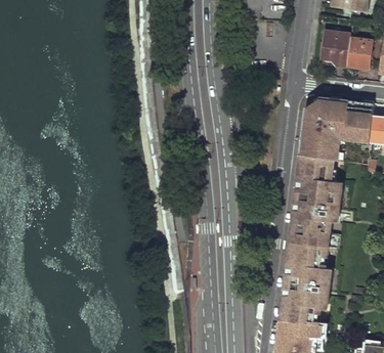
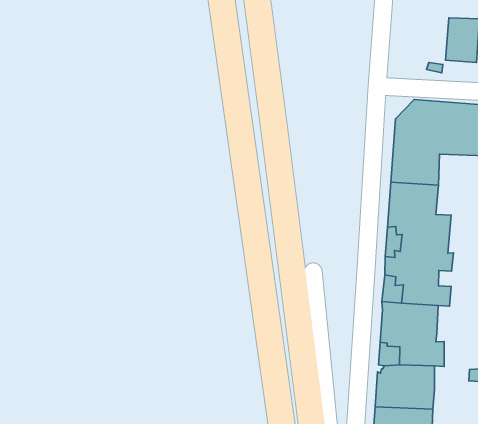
building: [318,29,350,68] -> none

